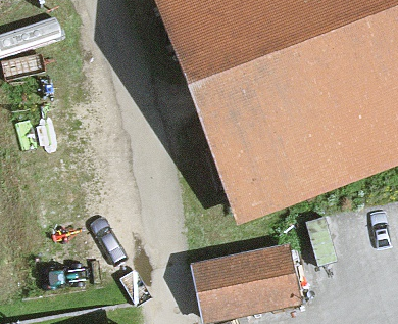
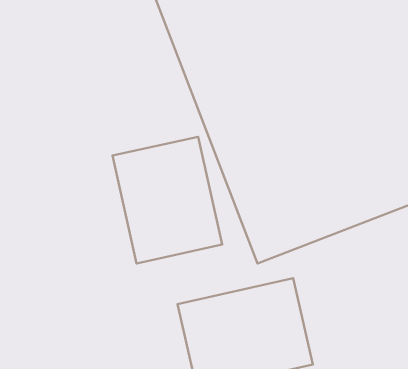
building: none -> [112,137,222,263]

